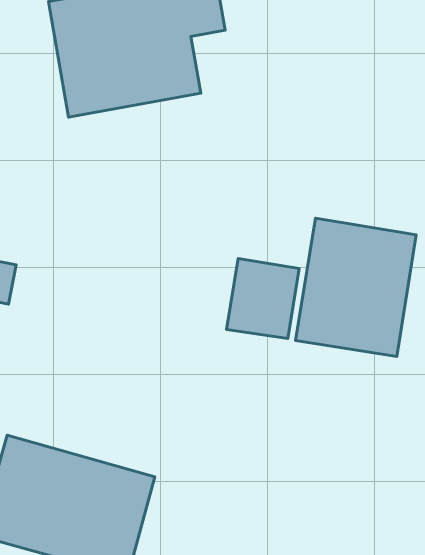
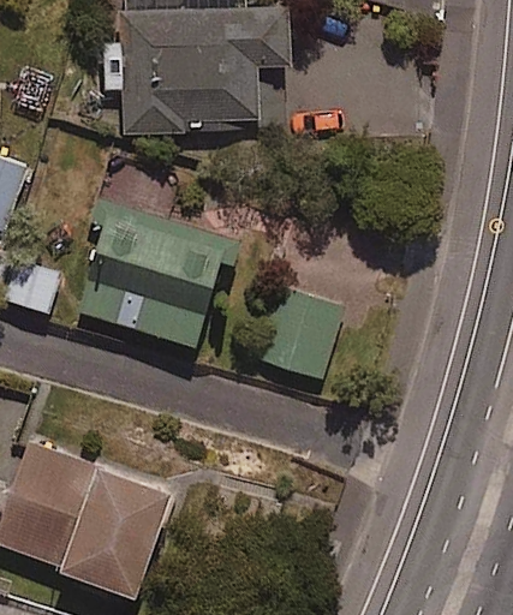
building: none -> [76,165,227,345]
building: [296,218,416,356] -> none

